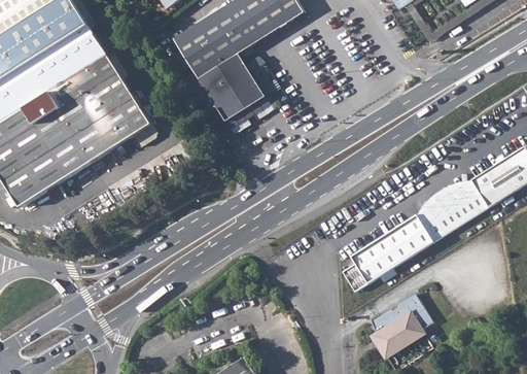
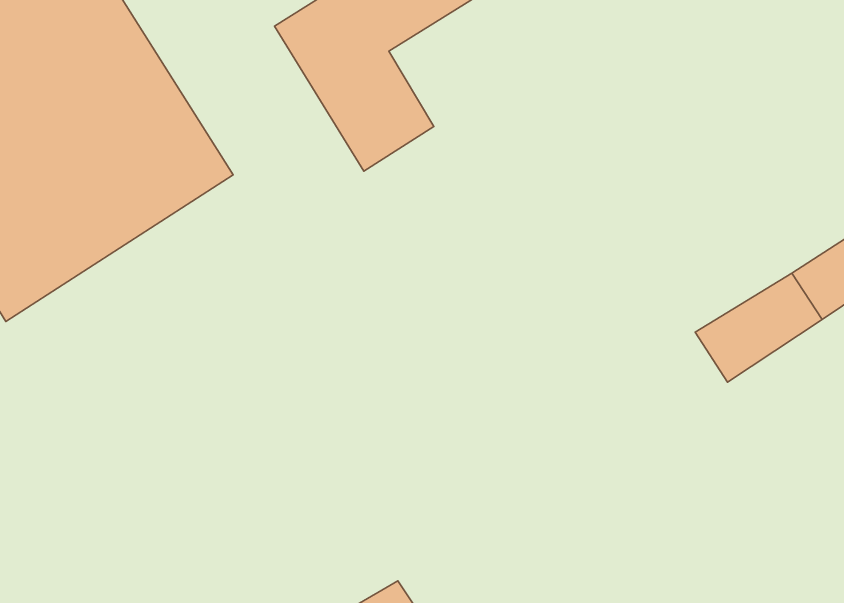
building: [342,213,433,292] -> none
building: [373,293,434,356] -> none

